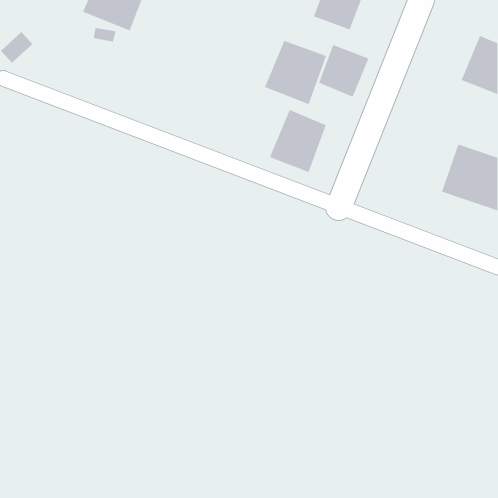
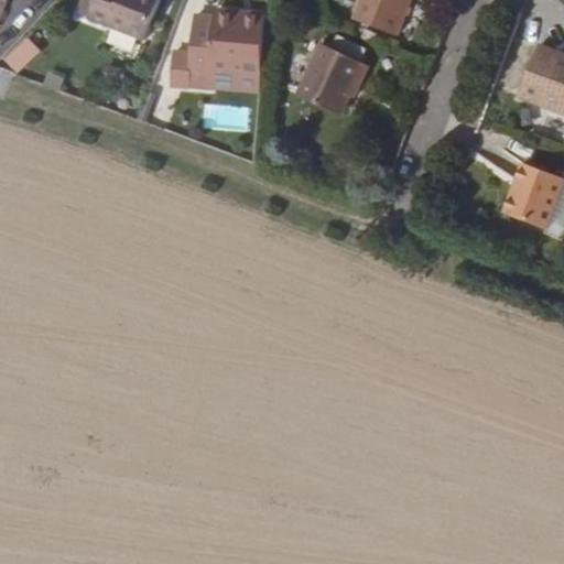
building: none -> [187,10,264,77]
building: [319,44,369,97] -> none
building: [269,109,327,173] -> none

